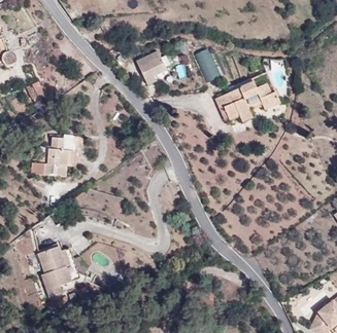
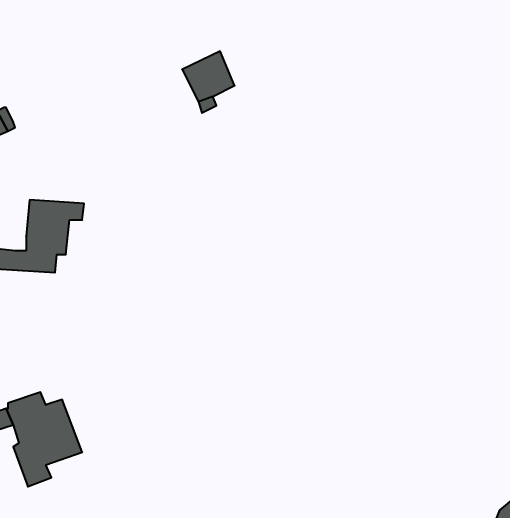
building: [195,47,221,80] -> none
building: [215,81,279,122] -> none

